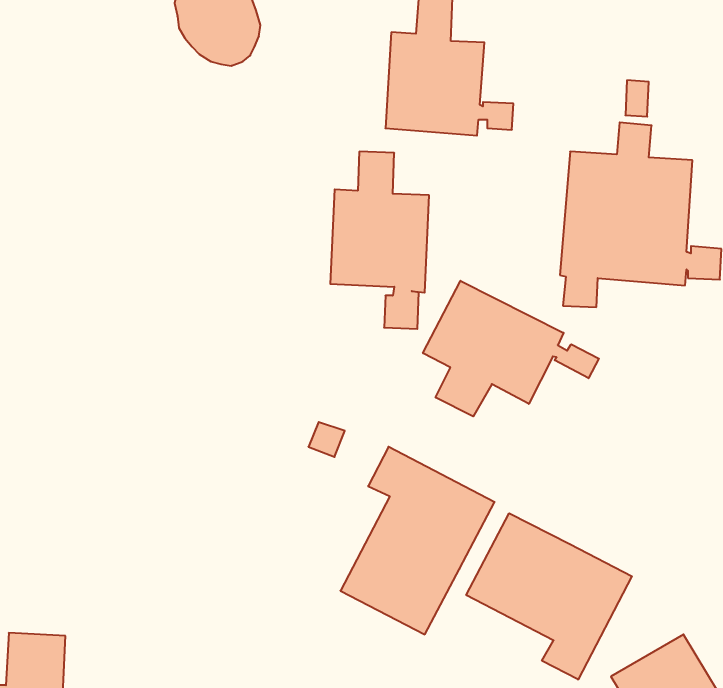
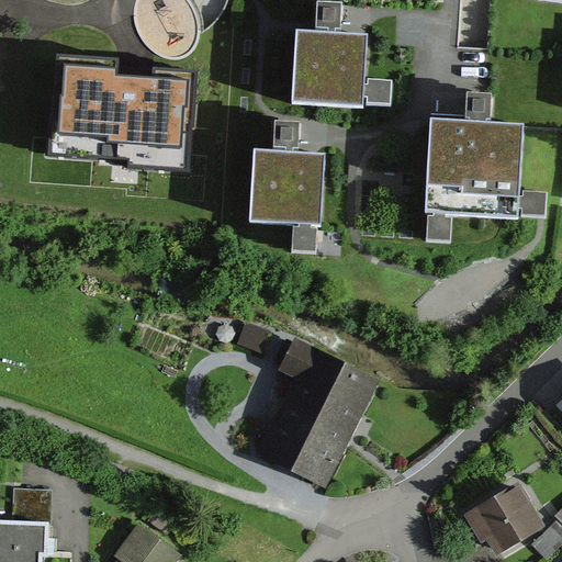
building: none -> [49,52,194,167]
building: [423,281,599,416] -> none
building: [466,513,632,680] -> none

